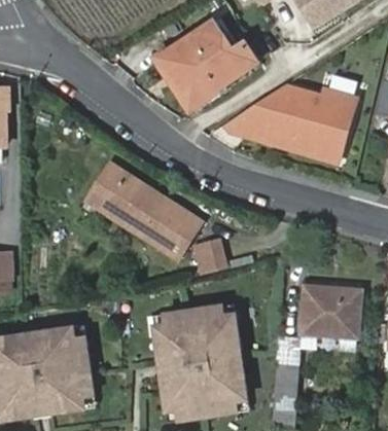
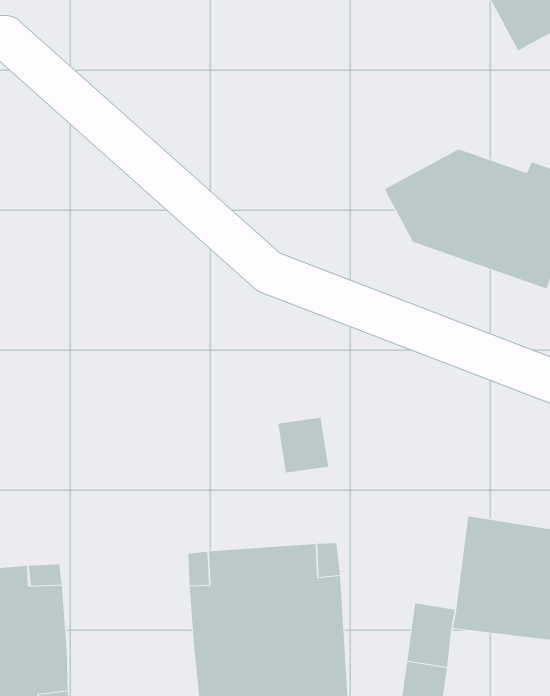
building: [161,22,257,105] -> none
building: [86,164,201,258] -> none

